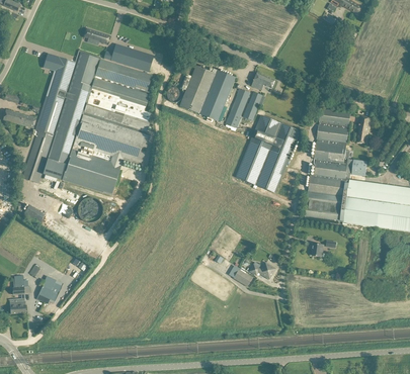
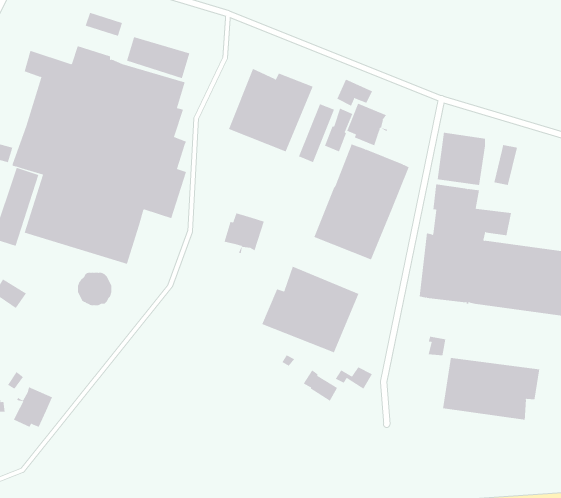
building: none -> [347,103,388,146]
building: none -> [224,213,264,254]
building: none -> [262,266,359,353]
building: none -> [443,357,540,421]

